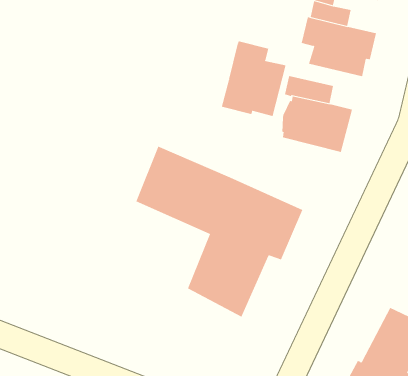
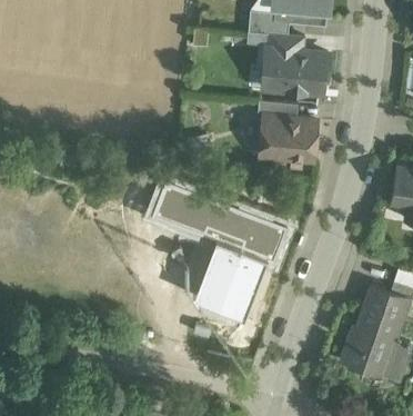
building: [221,41,286,117] -> none

